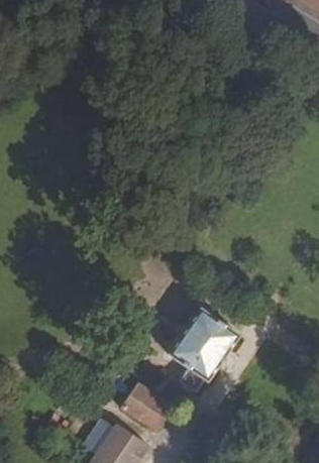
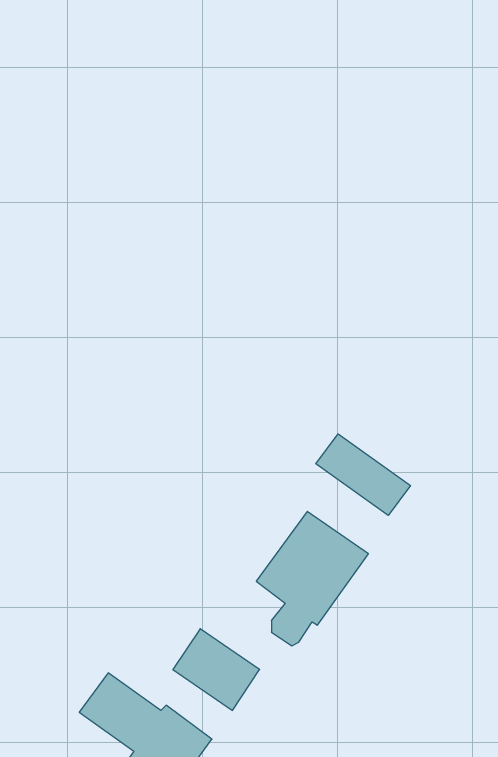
building: none -> [316,434,410,515]

